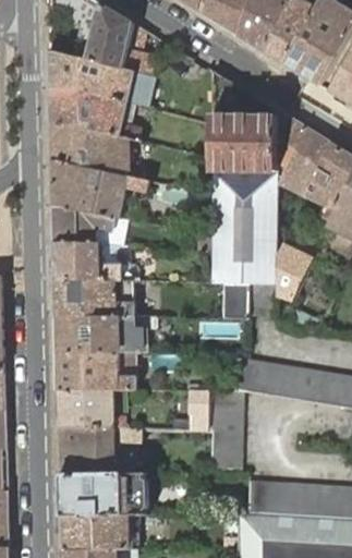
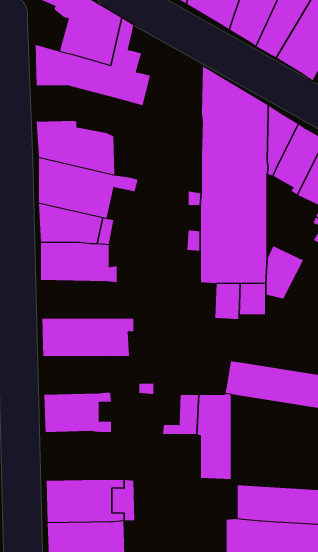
building: [50,90,141,142] -> none
building: [54,280,135,317] -> none
building: [57,354,137,391] -> none
building: [59,427,142,475] -> none

